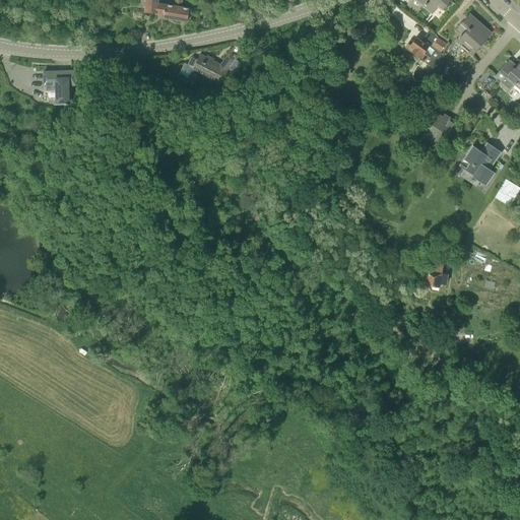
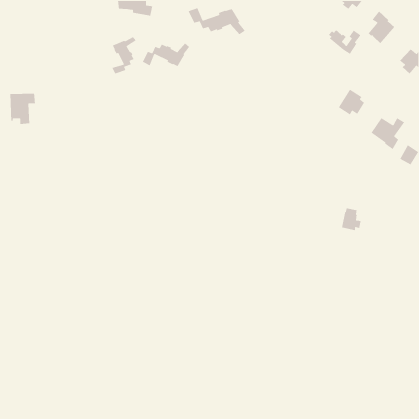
building: none -> [188,7,246,35]
building: none -> [111,36,137,74]
building: [44,69,76,109] -> [10,93,36,125]

